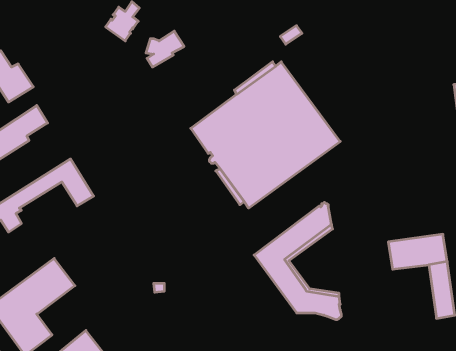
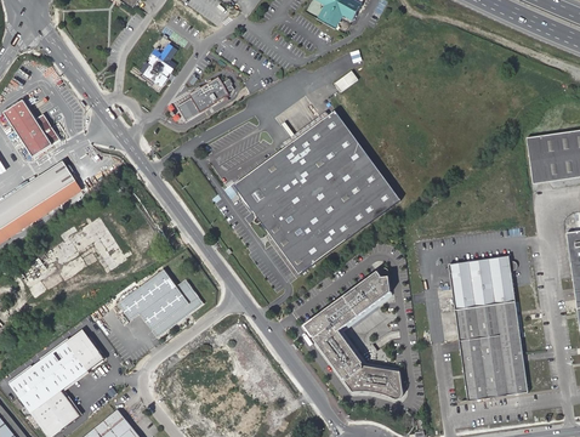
building: none -> [448,256,514,311]
building: none -> [116,268,203,336]
building: none -> [459,336,507,401]

